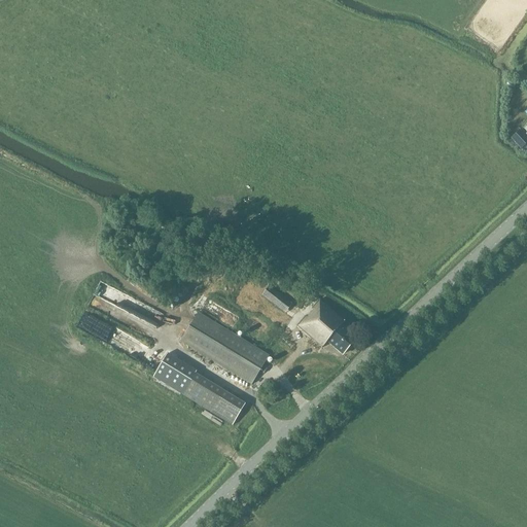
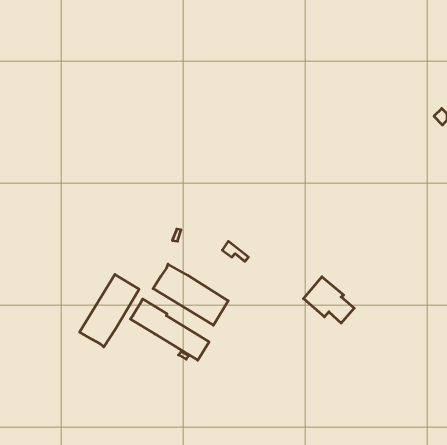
building: [297,300,357,354] -> [303,277,354,323]
building: none -> [80,274,139,347]

